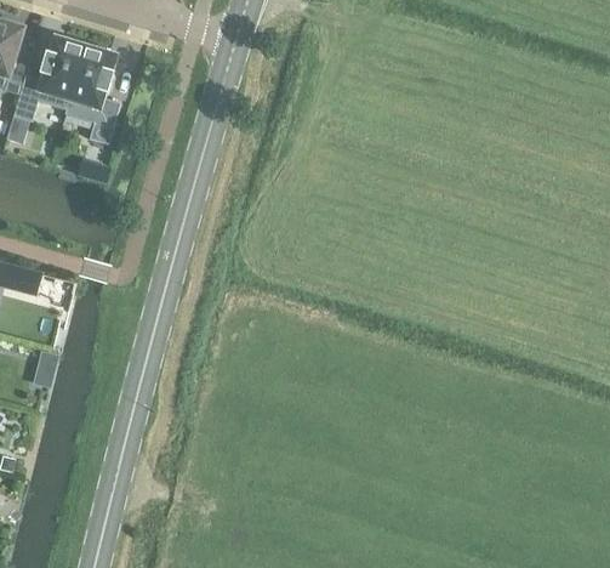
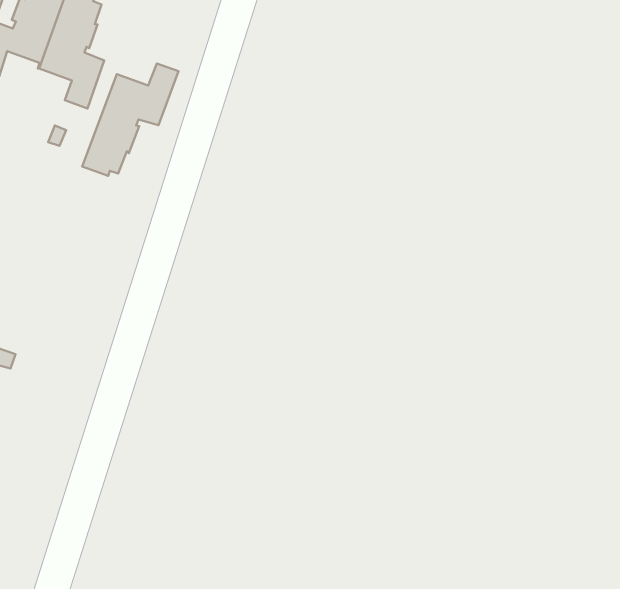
building: none -> [82,63,179,176]

